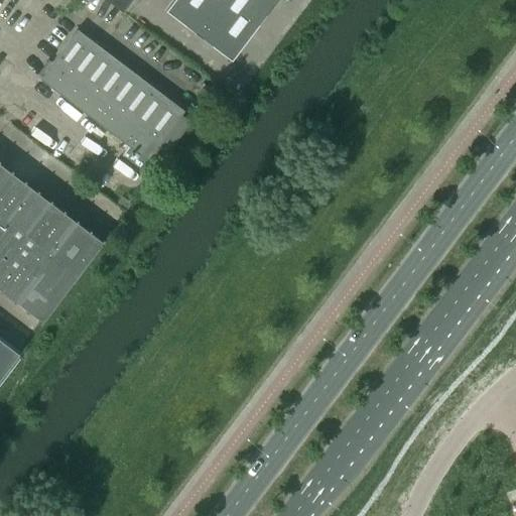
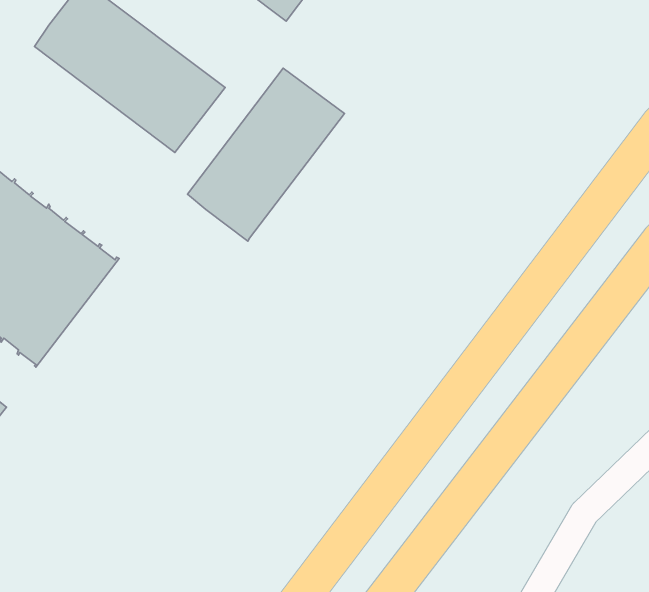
building: none -> [187,68,344,241]

